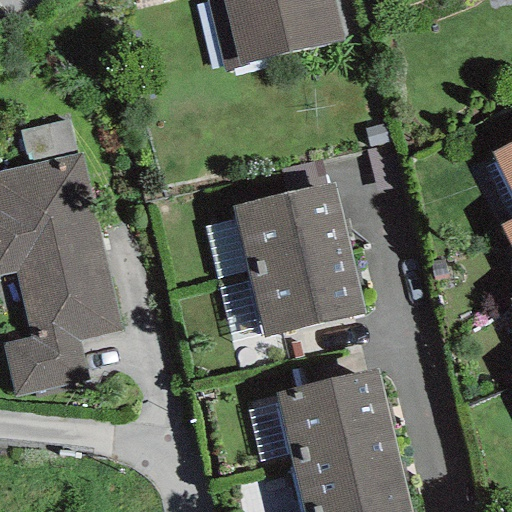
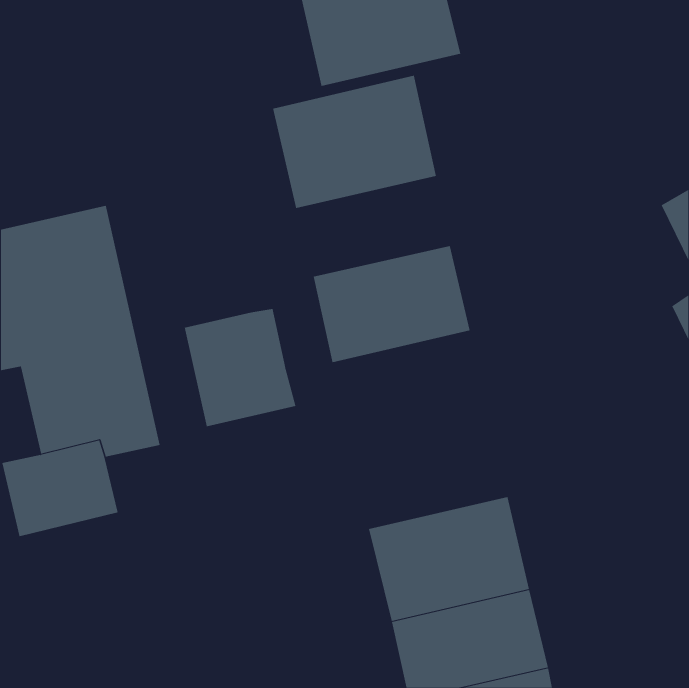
building: none -> [272,75,436,209]
building: none -> [184,308,296,427]
building: [246,245,364,337] -> none

